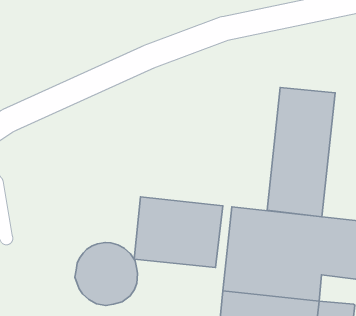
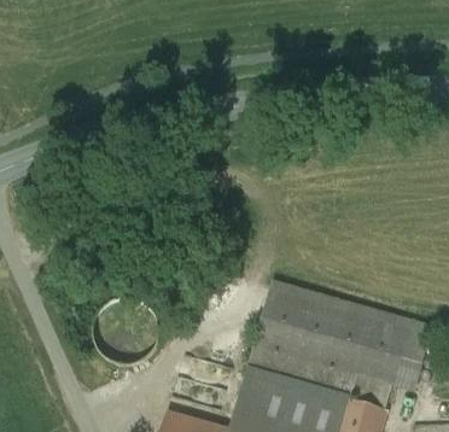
building: [267,87,335,217] -> none
building: [134,197,223,268] -> none

